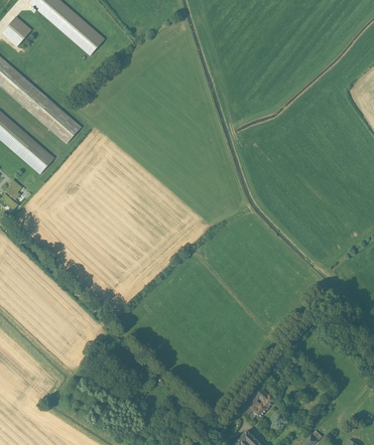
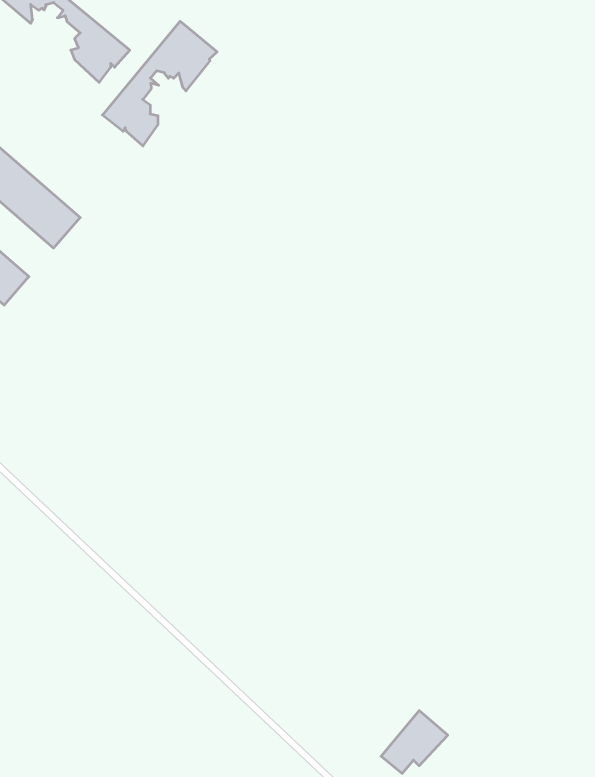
building: none -> [102,21,217,146]

